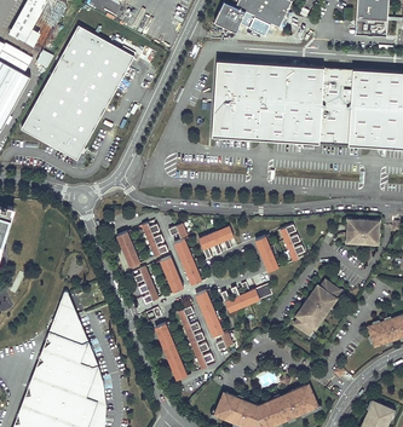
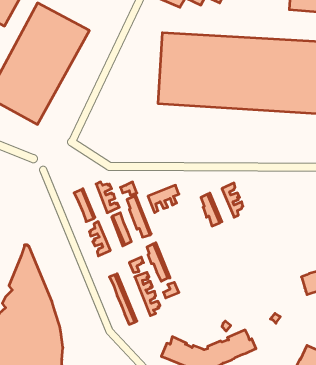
building: [346,219,378,243] -> none
building: [293,279,339,335] -> none
building: [221,283,271,312] -> none

